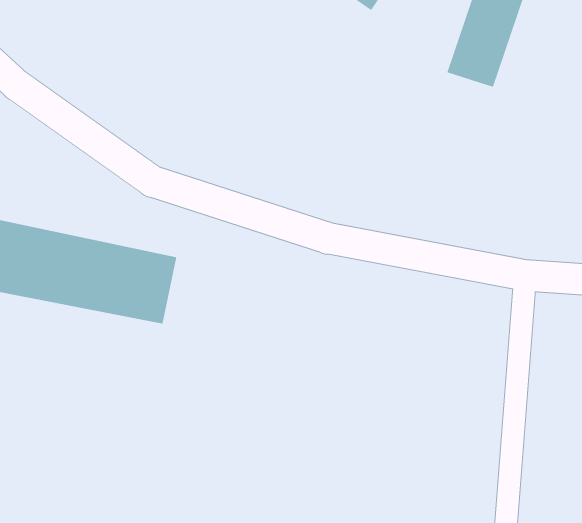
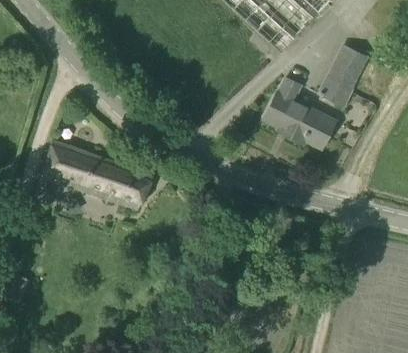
building: none -> [264,75,336,146]

